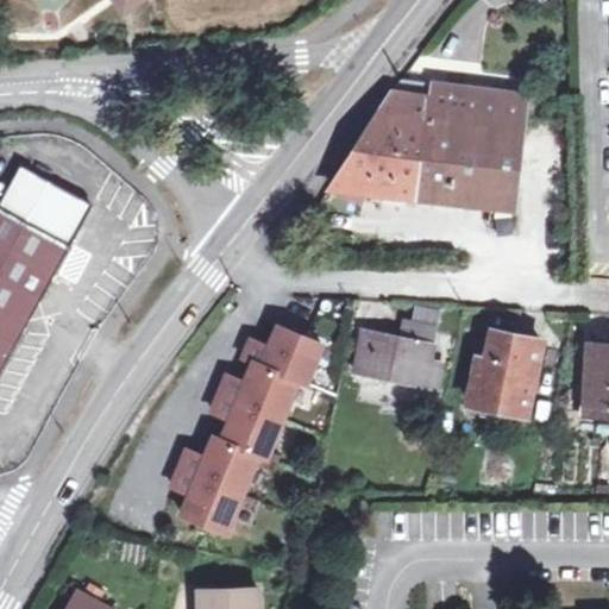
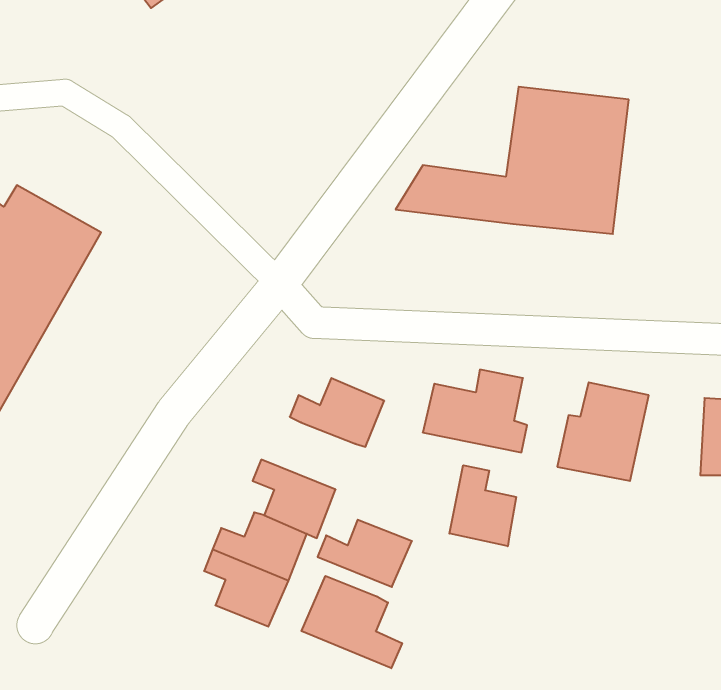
building: [354,79,434,159] -> none
building: [220,364,299,420] -> [318,520,412,587]
building: none -> [449,465,516,546]
building: none -> [301,576,402,668]

